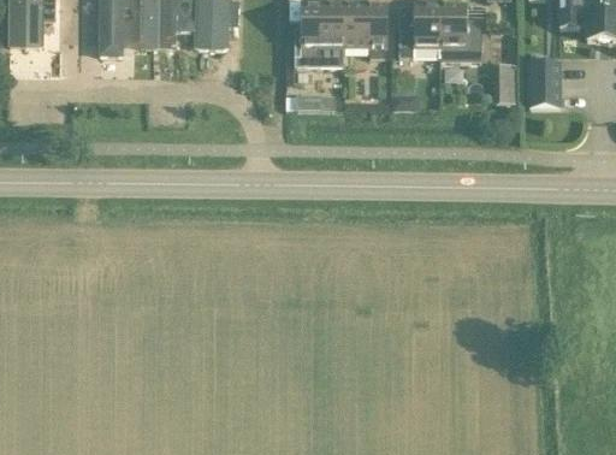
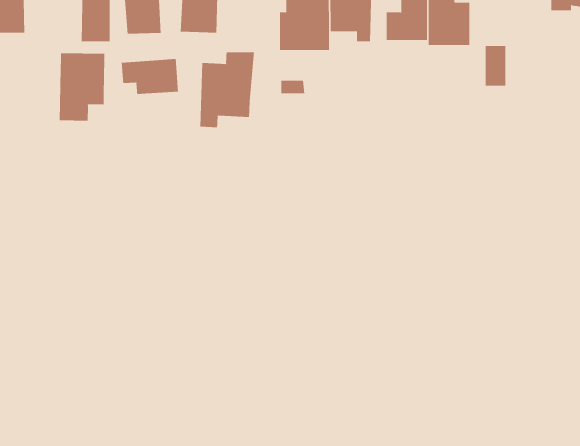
building: [528,60,558,106] -> none
building: none -> [200,51,255,128]
building: none -> [59,53,105,121]
building: none -> [121,58,178,95]

